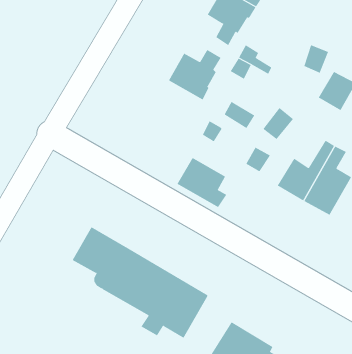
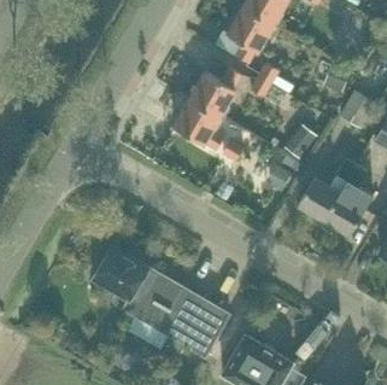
building: [176,157,227,208] -> [174,99,224,150]

